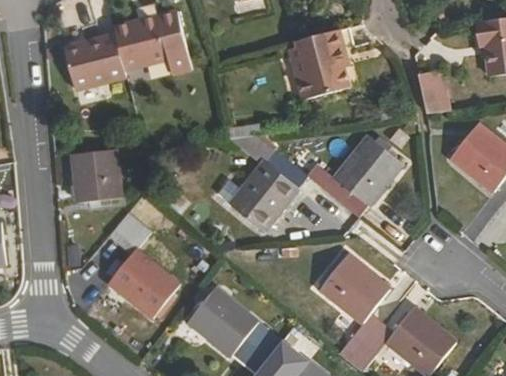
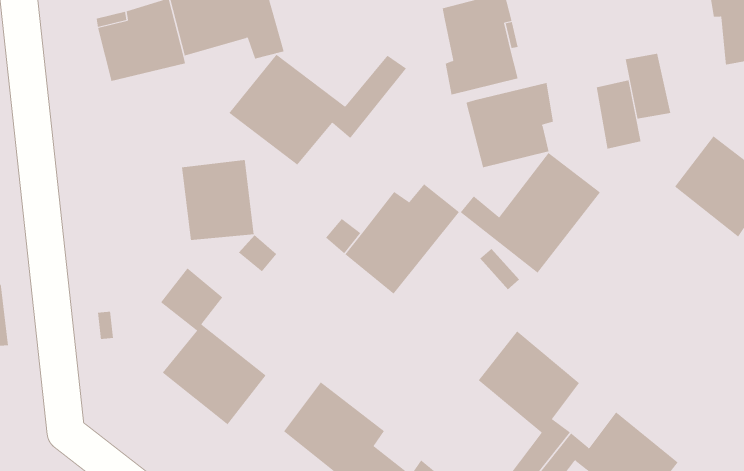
building: none -> [228,54,407,165]
building: none -> [596,80,641,149]
building: none -> [466,82,553,168]
building: [72,148,121,202] -> [181,160,255,241]

